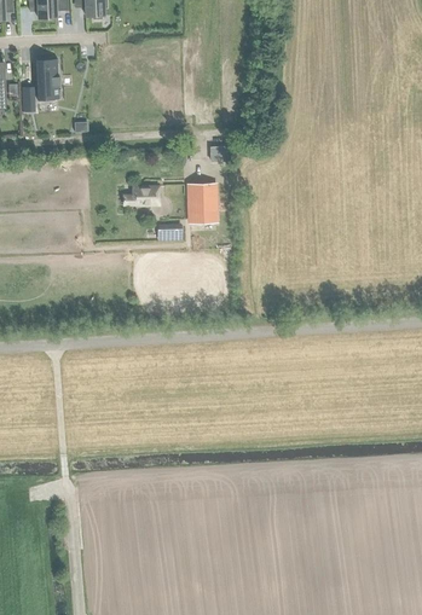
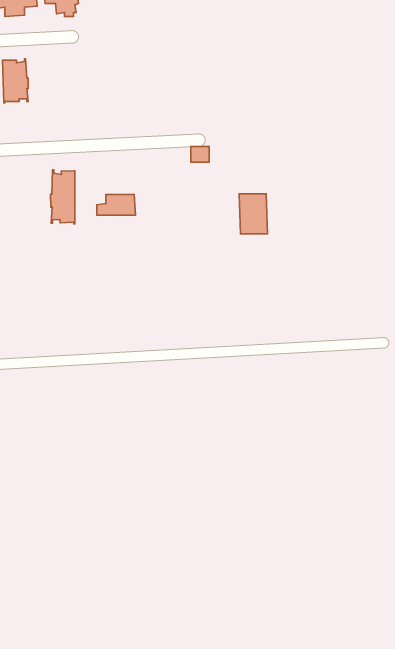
building: none -> [51,170,75,224]
building: [189,185,215,222] -> [239,194,268,234]

